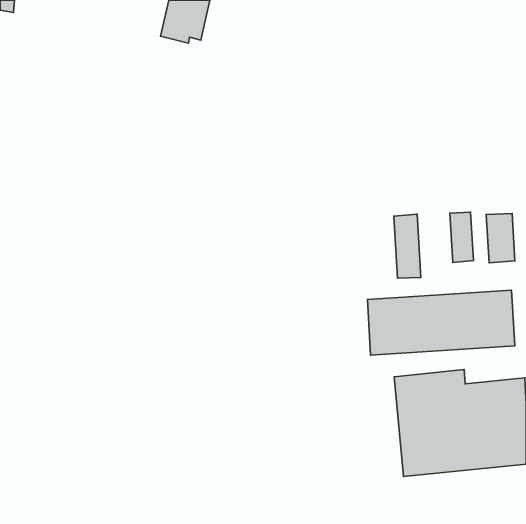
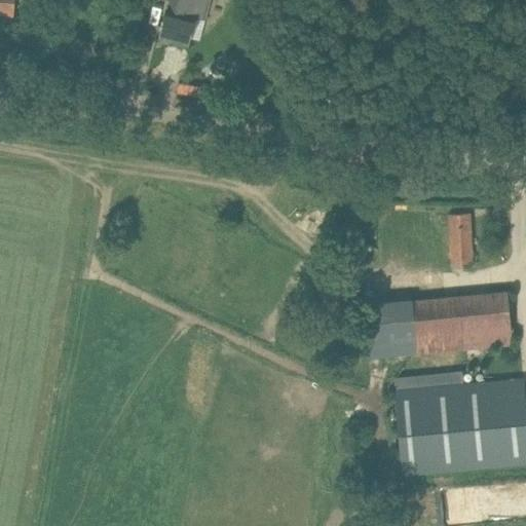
building: [486,213,515,263] -> none
building: [394,214,421,278] -> none

